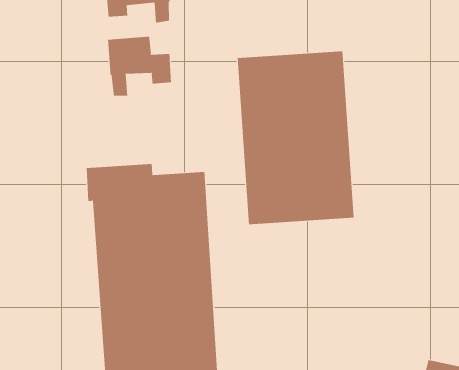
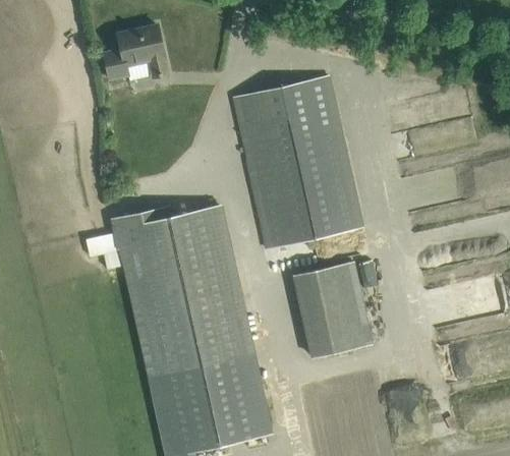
building: [107,36,172,97] -> none
building: none -> [294,262,372,356]

